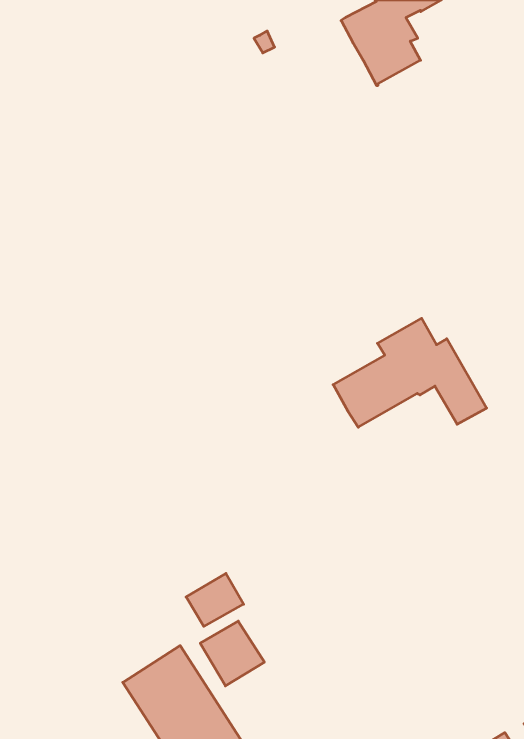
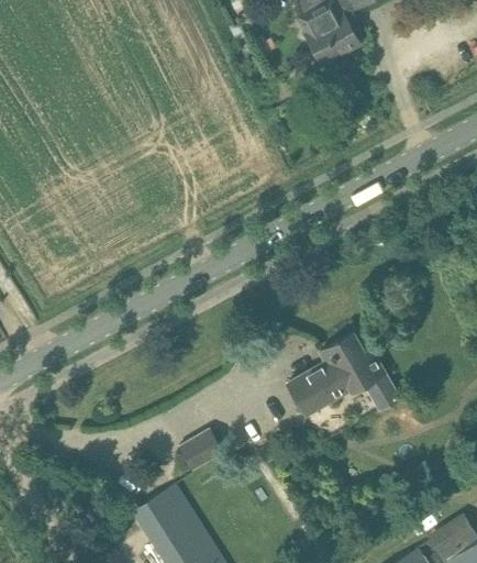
building: [333,318,487,427] -> [287,334,401,416]
building: [200,621,264,686] -> none

